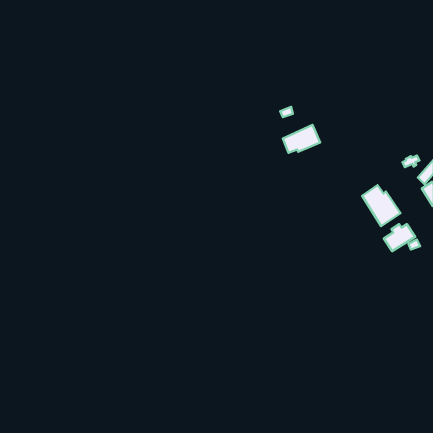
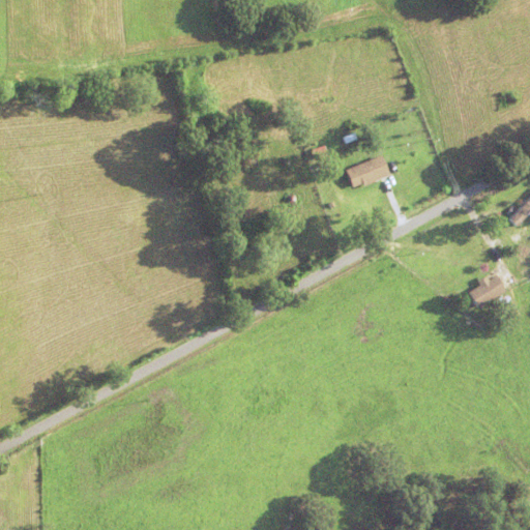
building: [362,185,401,226] -> none

